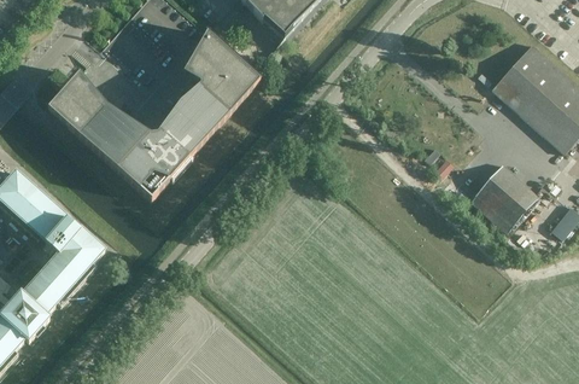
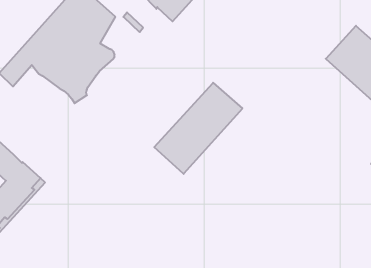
building: [65,30,257,199] -> none
building: none -> [154,83,242,174]
building: [468,162,537,231] -> none

